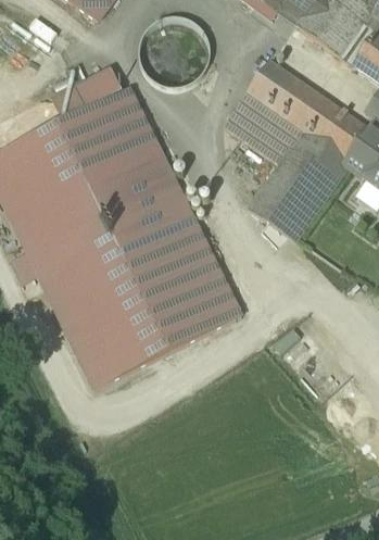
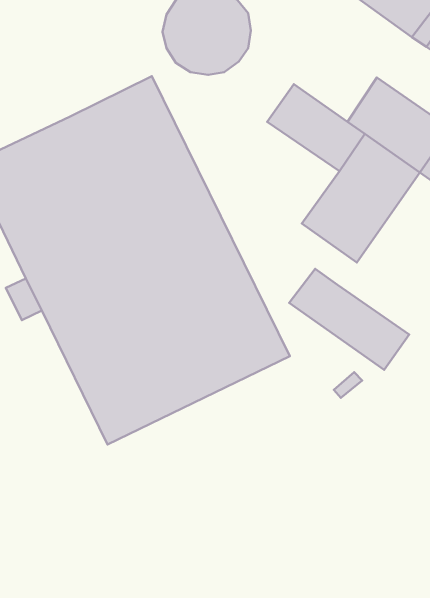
building: [244,59,312,124] -> none
building: [52,68,122,120] -> none
building: none -> [289,269,409,370]

